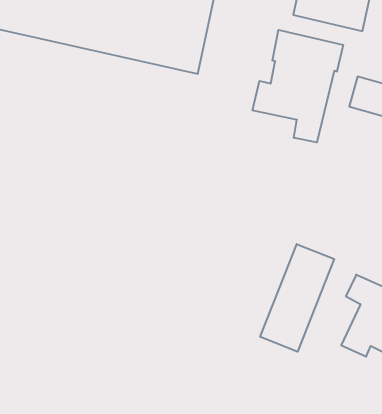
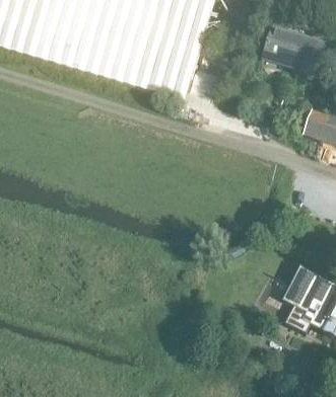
building: [253,30,343,142] -> none
building: [260,244,334,352] -> none

